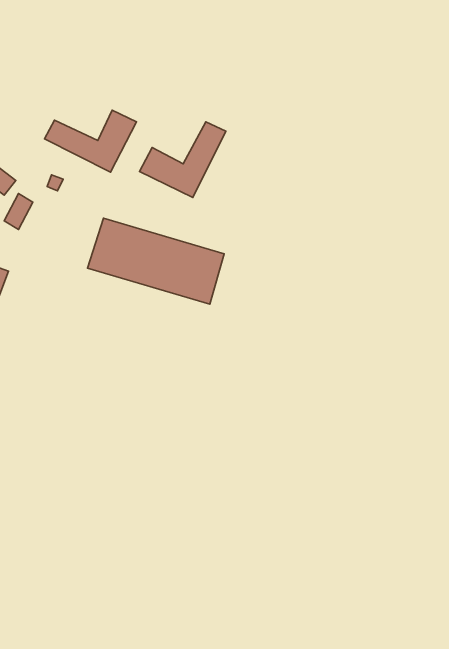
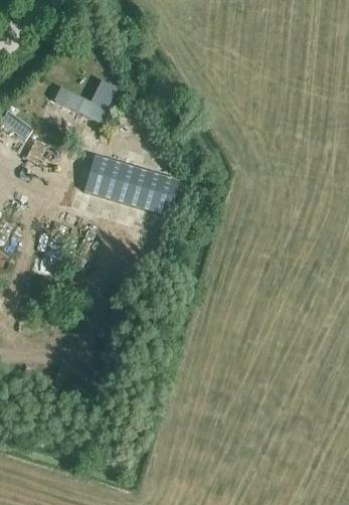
building: [139,122,226,197] -> none

